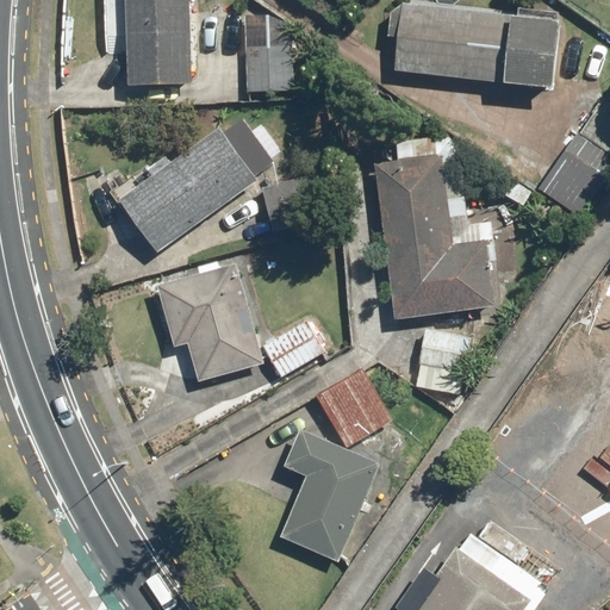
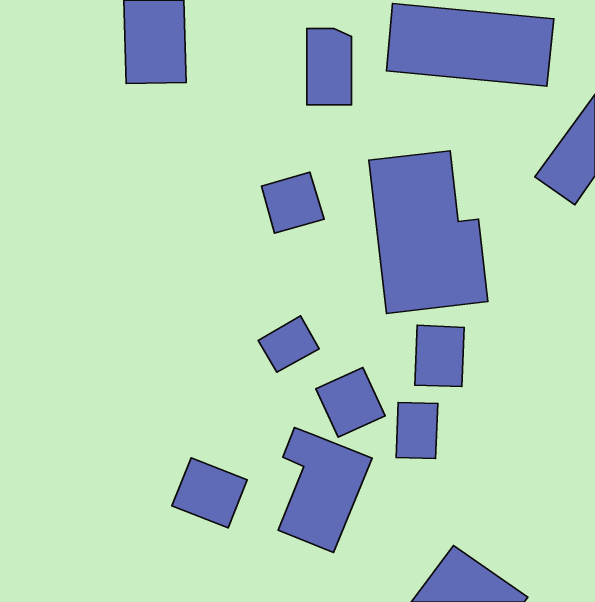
building: [244,15,290,93] -> [307,28,352,105]
building: [122,120,270,253] -> none
building: [155,264,262,382] -> none
building: none -> [396,403,438,458]
building: none -> [172,458,247,528]

